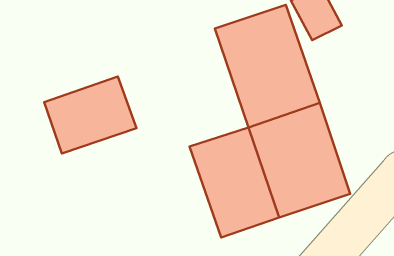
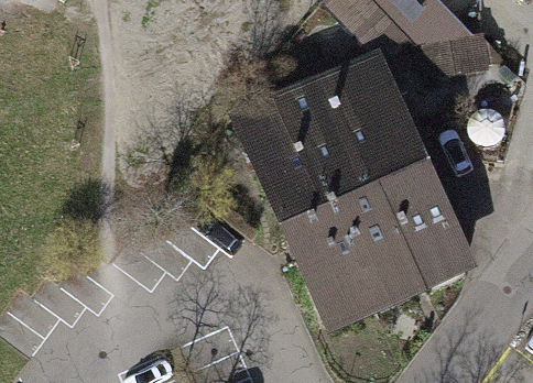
building: none -> [231,85,347,227]
building: [44,77,137,154] -> none

